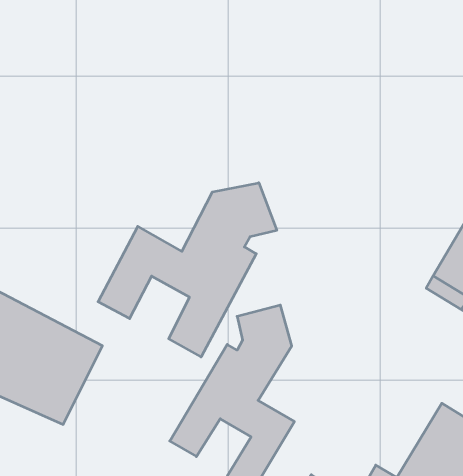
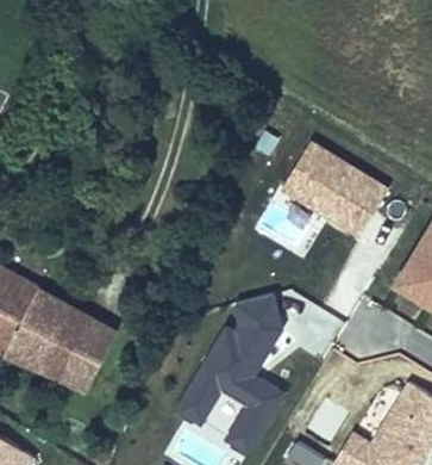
building: none -> [281,137,390,235]
building: [98,183,277,357] -> none

